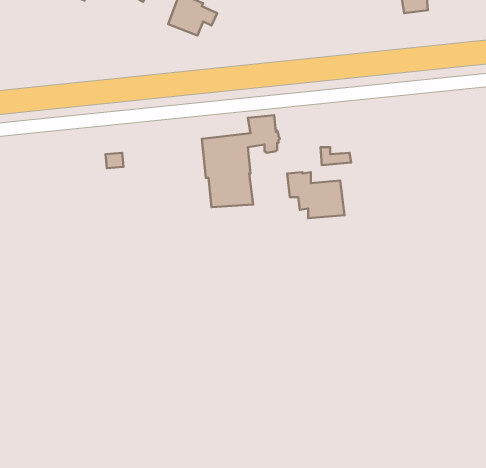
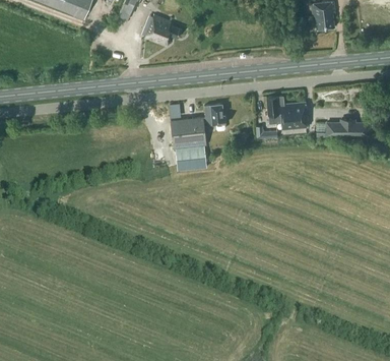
building: none -> [326,119,368,134]
building: [287,172,344,218] -> [265,96,307,129]

